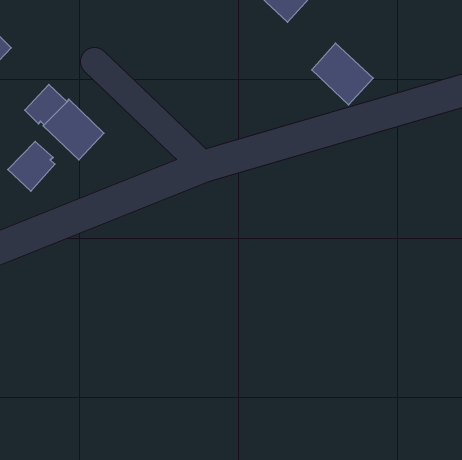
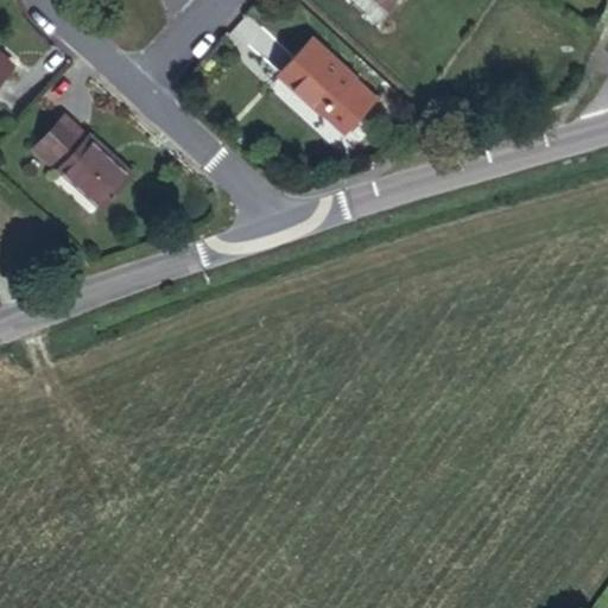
building: [312,43,373,105] -> [284,49,363,128]
building: [8,141,55,191] -> none

